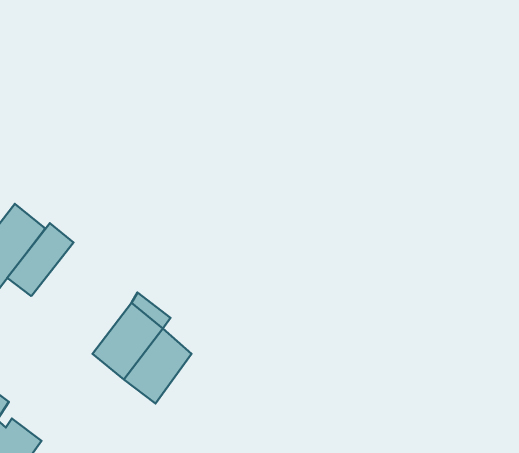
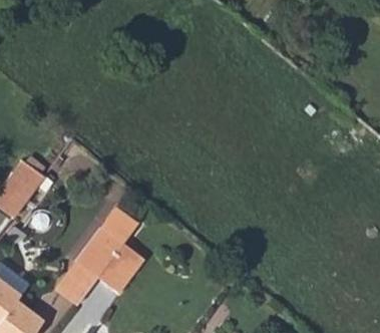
building: [7,223,74,296] -> none
building: none -> [56,261,98,306]

